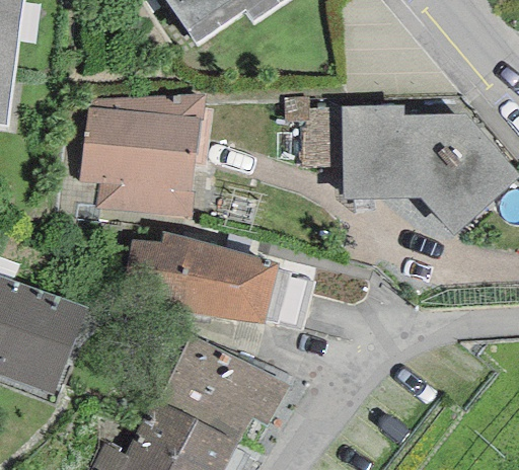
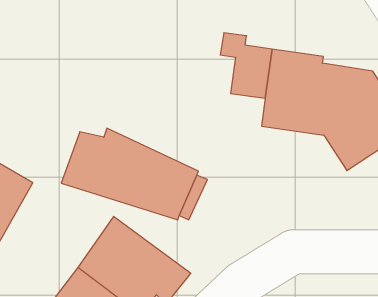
building: [79,95,205,216] -> none

